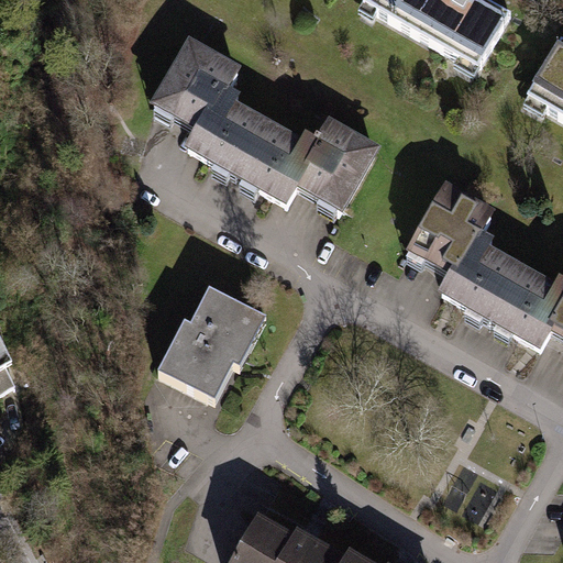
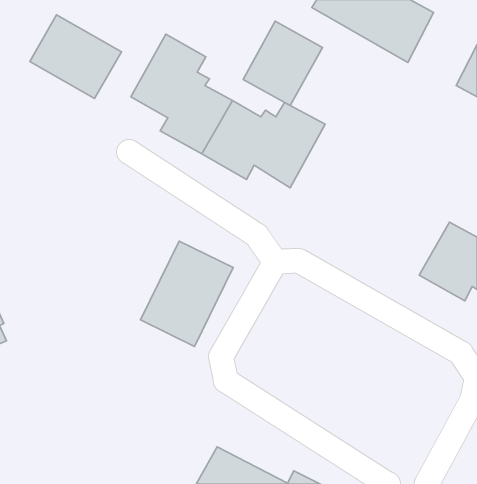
building: none -> [30,15,121,98]
building: none -> [243,21,322,106]
building: [404,180,521,319] -> none

